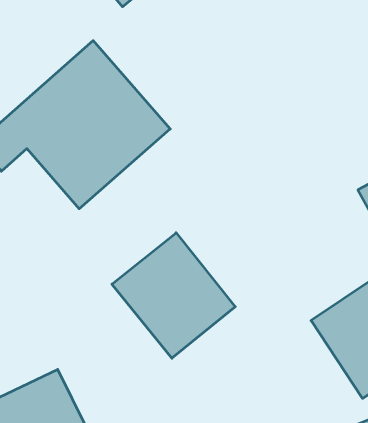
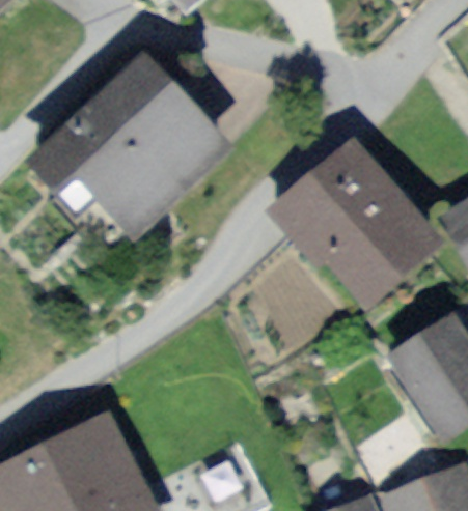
building: none -> [270,145,440,319]
building: [112,233,235,358] -> none

